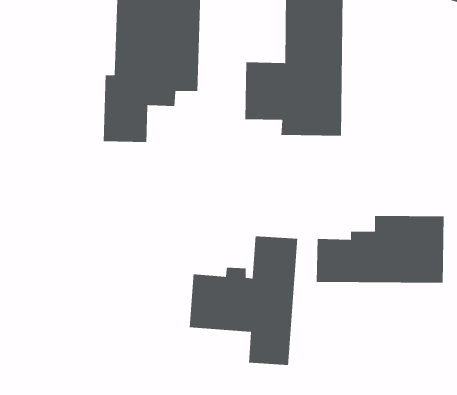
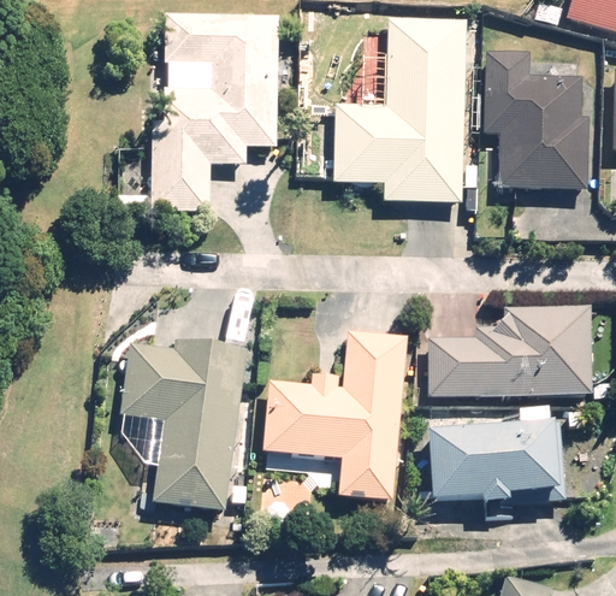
building: none -> [484,51,590,190]
building: none -> [125,338,244,514]
building: none -> [430,408,555,503]

